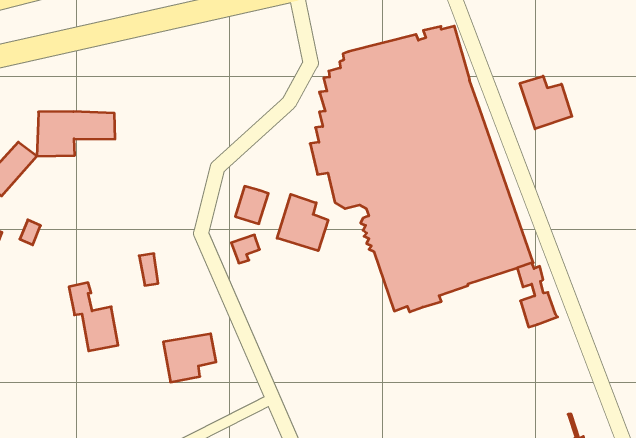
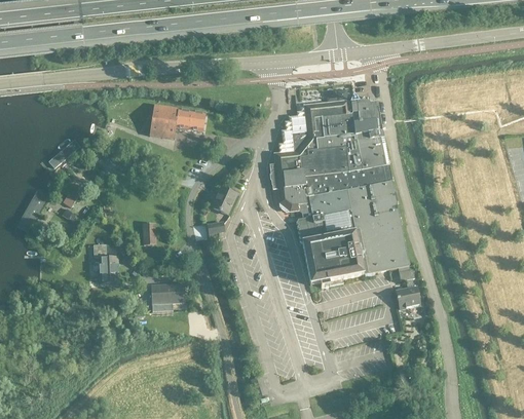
building: [520,76,572,129] -> none
building: [37,112,115,156] -> [149,106,205,139]
building: [277,194,328,251] -> none

